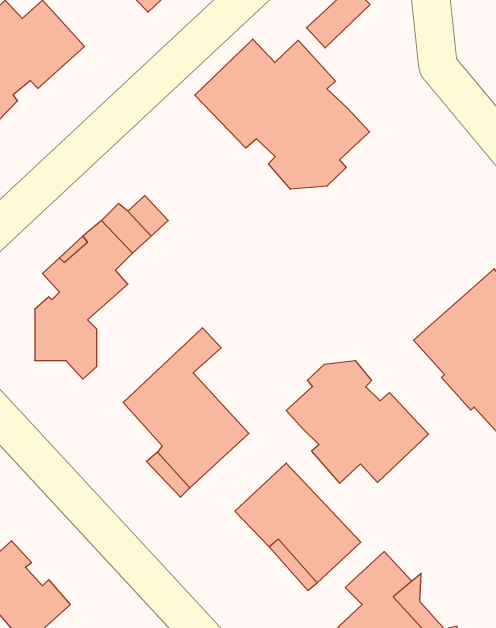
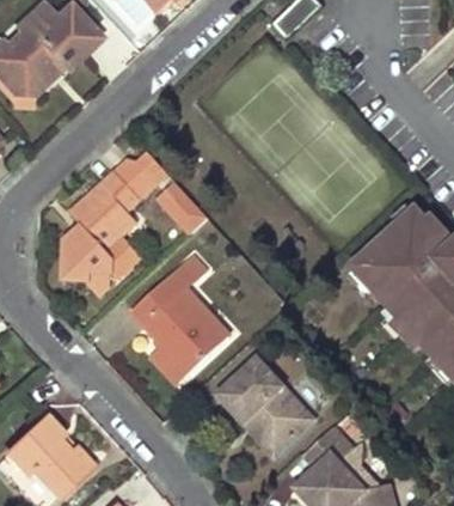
building: [195,39,370,189] -> none
building: none -> [158,179,208,236]
building: [286,360,429,483] -> none

